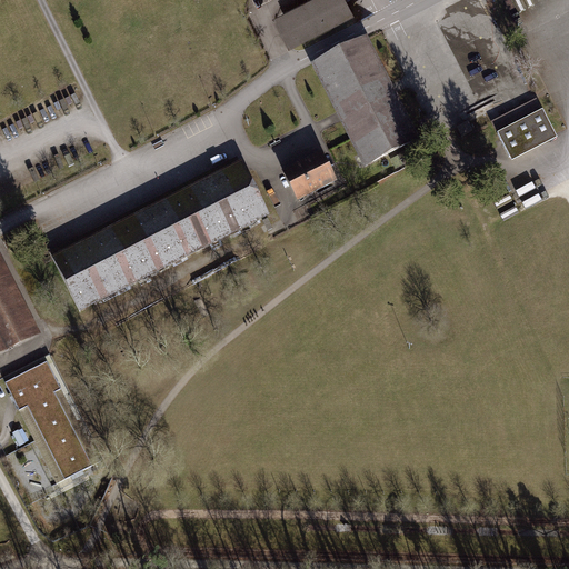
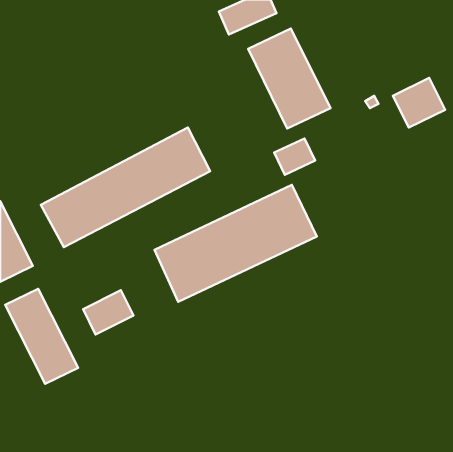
building: [283,150,335,196] -> [274,138,315,175]
building: none -> [154,185,317,302]
building: none -> [83,290,133,335]

